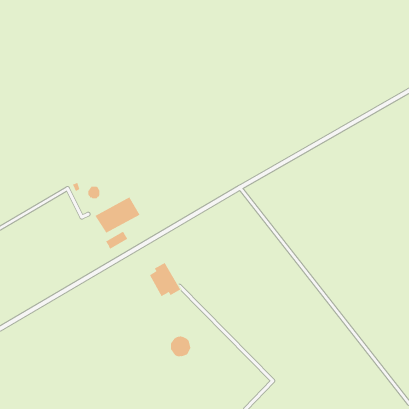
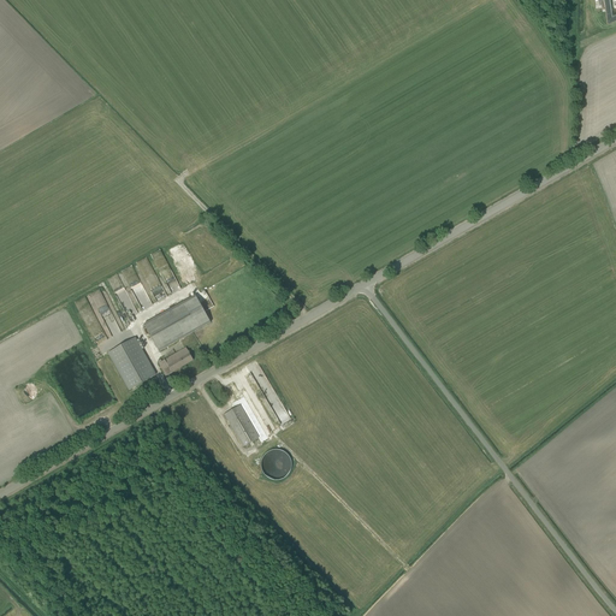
building: none -> [107,336,155,389]
building: [170,336,191,357] -> [259,446,290,478]

